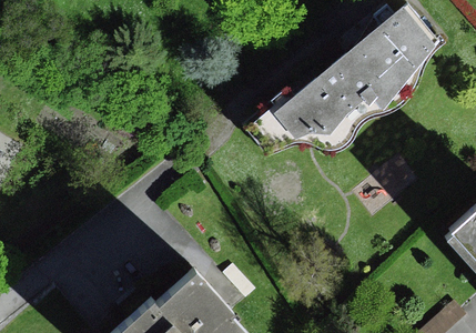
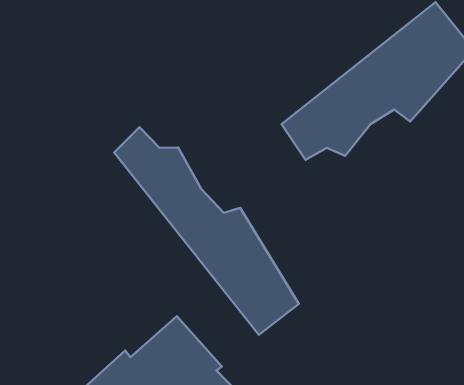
building: none -> [114,127,299,335]

